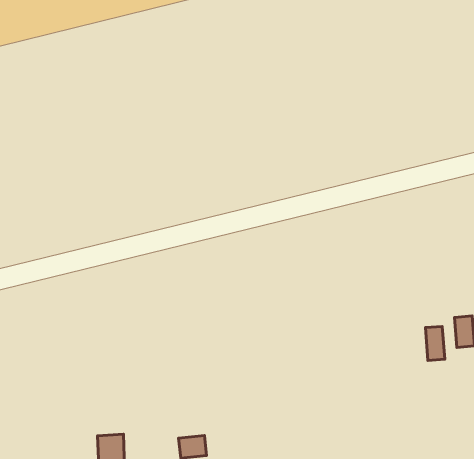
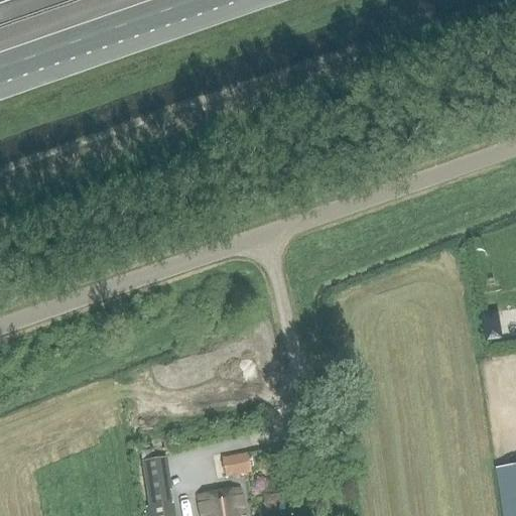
building: [425,326,445,360] -> none

